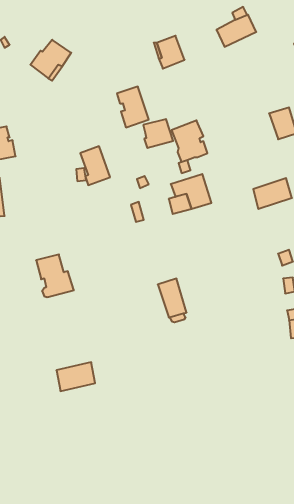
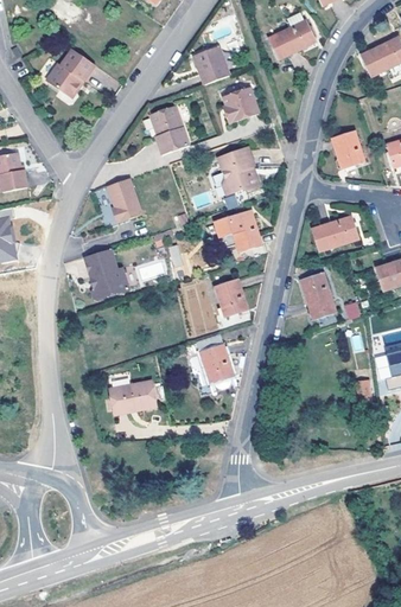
building: [143,119,173,148] -> [222,89,257,123]
building: none -> [300,273,336,319]
building: none -> [215,277,248,315]
building: [36,254,74,297] -> [78,248,123,299]
building: [56,362,95,391] -> [109,381,155,415]

